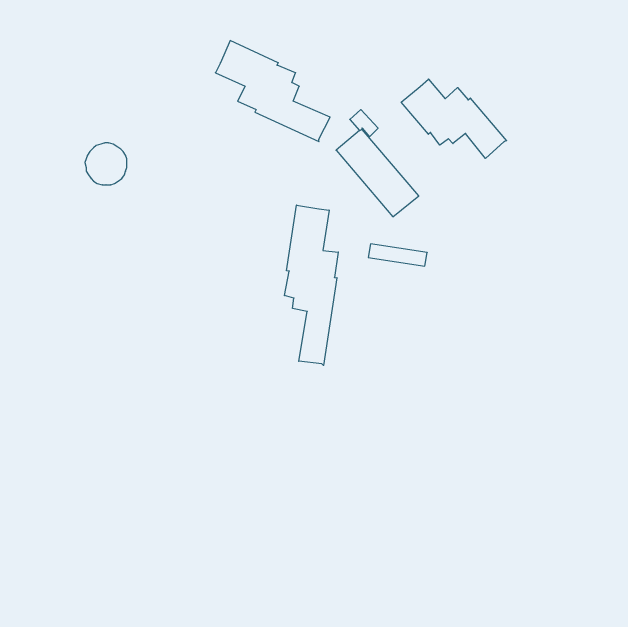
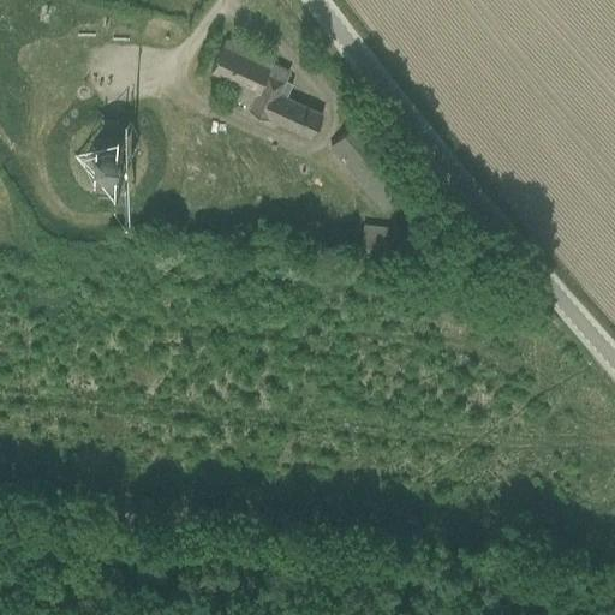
building: [401,79,507,158] -> none
building: [284,205,338,365] -> none

